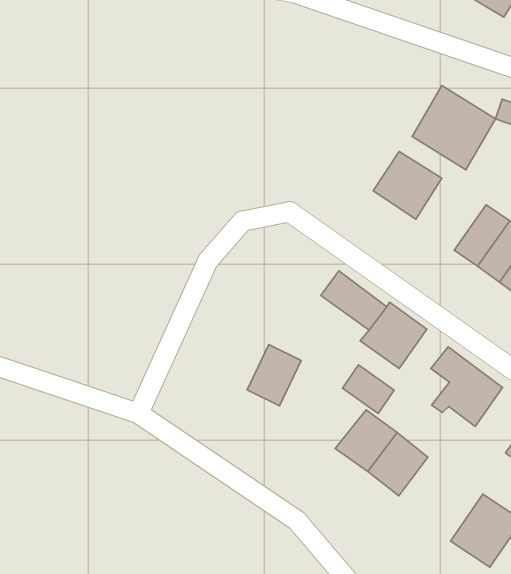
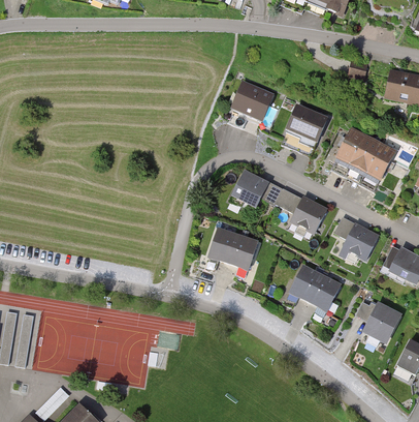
building: [412,85,495,170] -> [227,78,275,125]
building: none -> [232,172,270,210]
building: none -> [206,229,236,264]
building: [342,365,394,414] -> none

